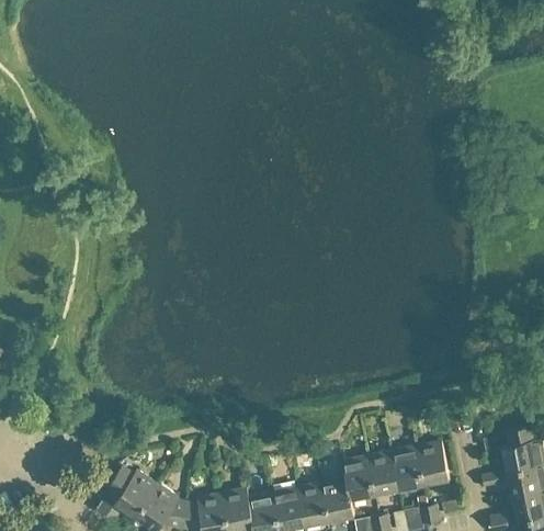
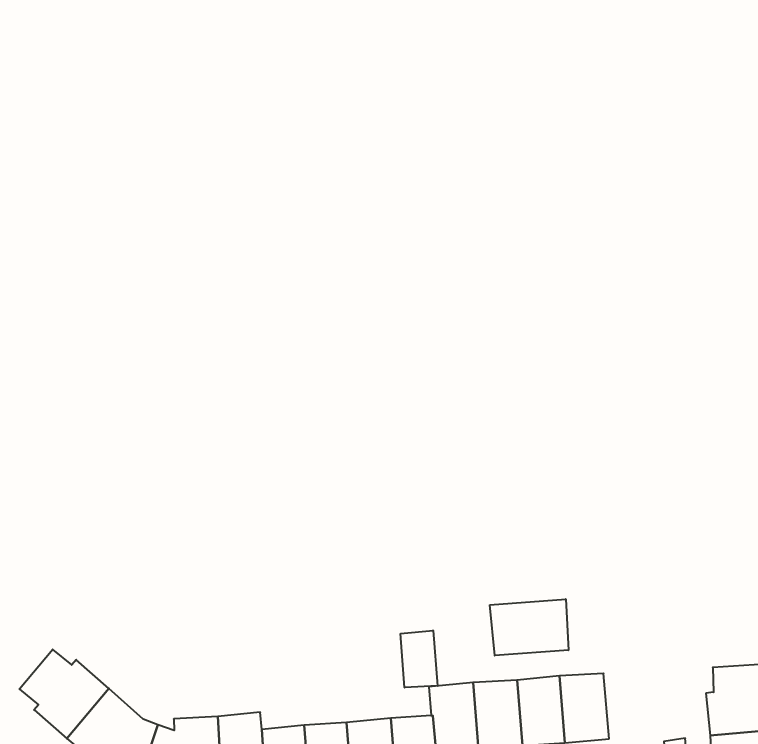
building: none -> [490,599,568,656]
building: none -> [401,630,437,688]

